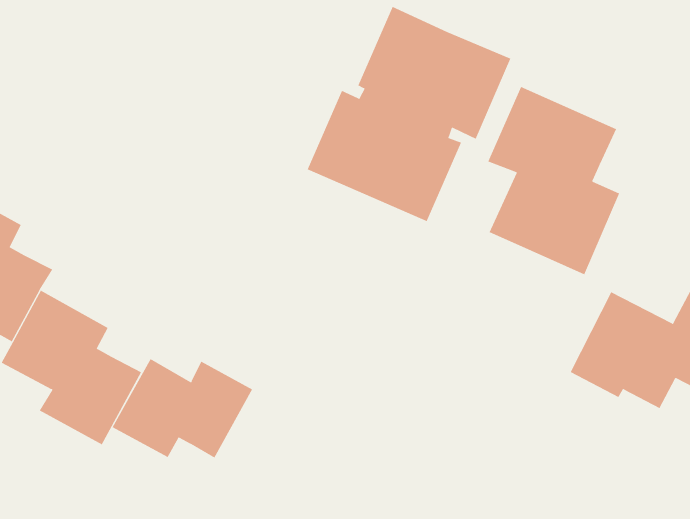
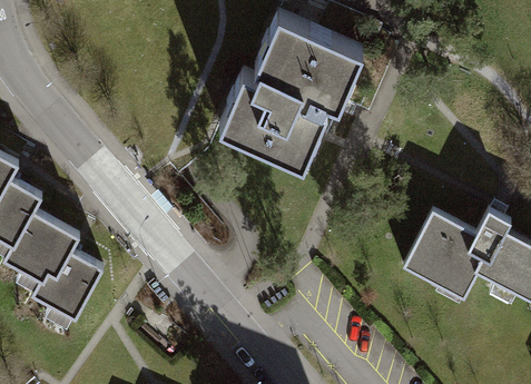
building: [488,86,620,275] -> none
building: [112,358,253,458] -> none

